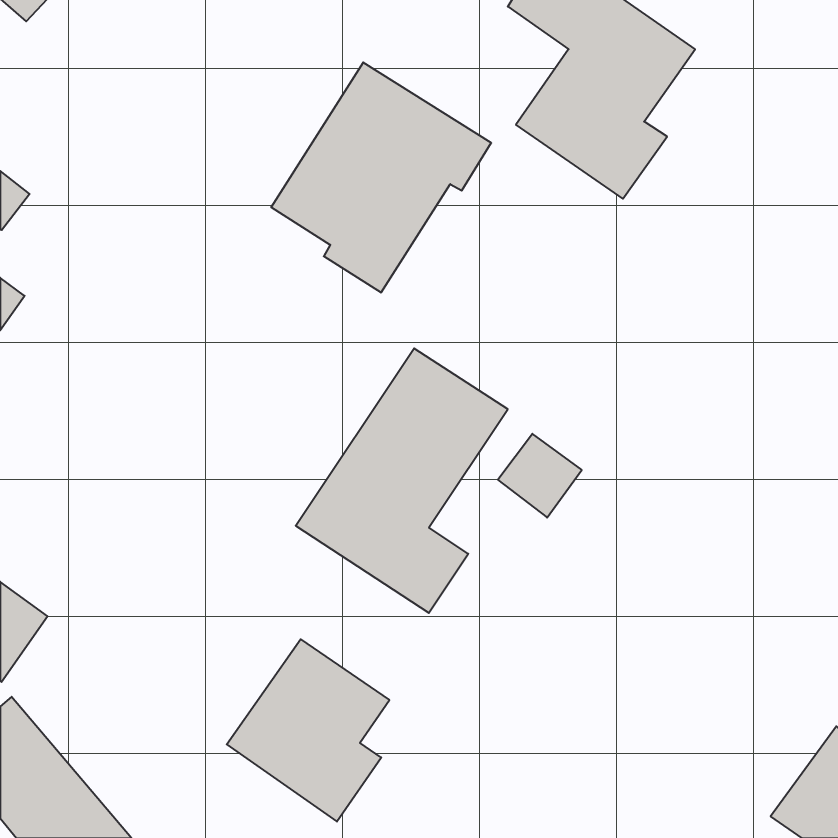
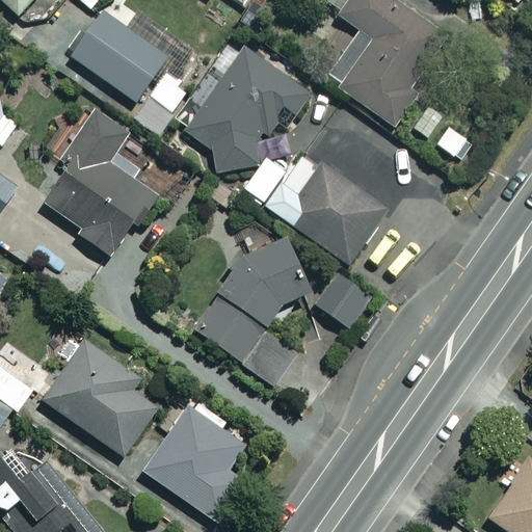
building: none -> [71,8,189,112]
building: none -> [43,111,152,255]
building: none -> [241,152,385,264]
building: none -> [42,339,157,454]

